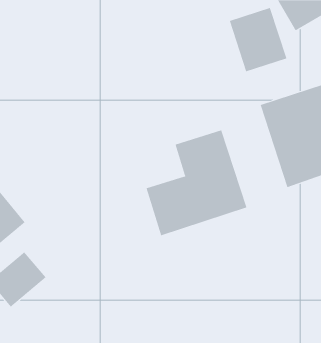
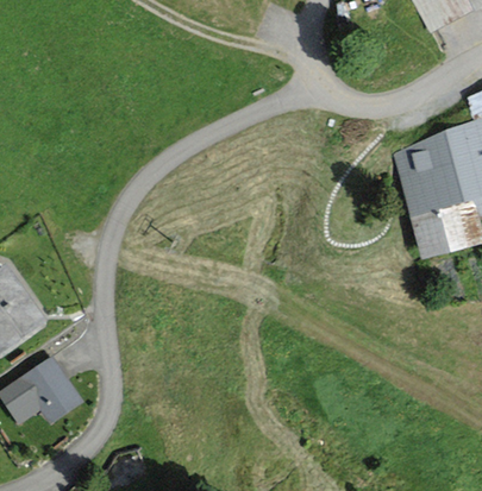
building: [229,7,287,72] -> none
building: [146,130,247,236] -> none

